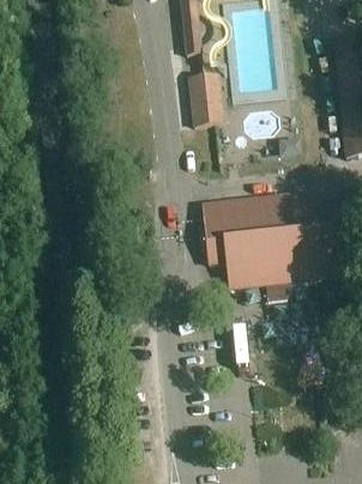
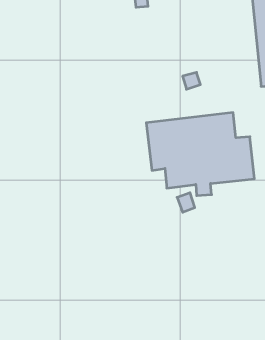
building: [187,71,223,123] -> none

